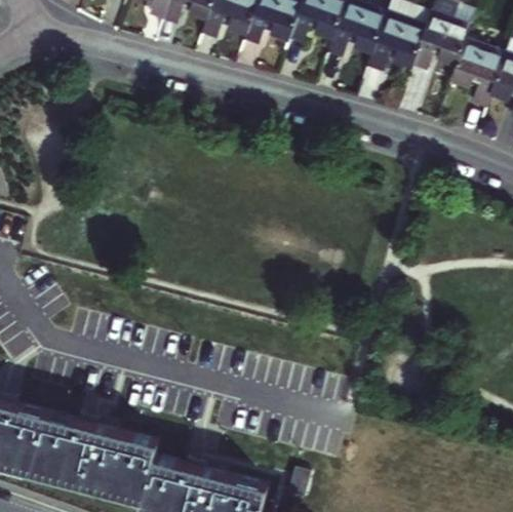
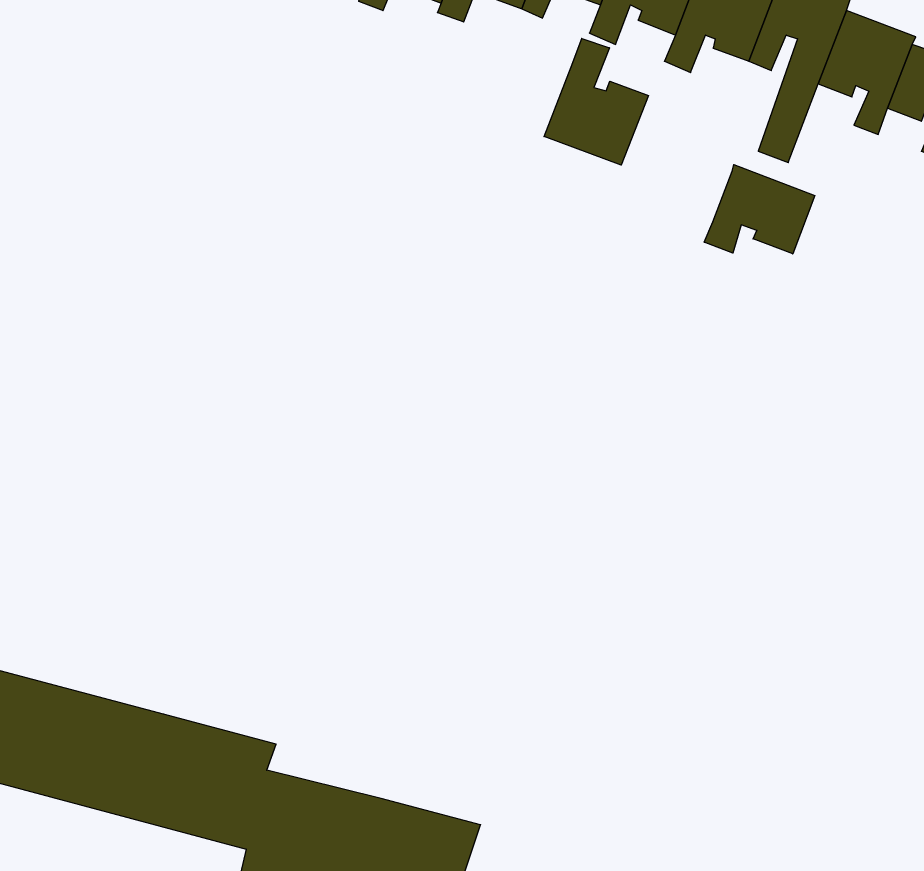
building: none -> [544,38,648,165]
building: none -> [704,165,815,254]

